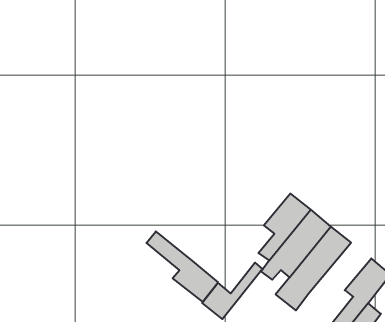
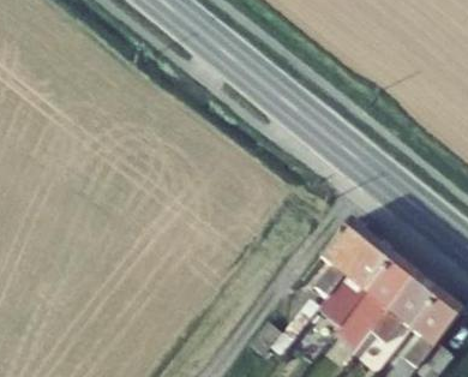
building: [146,231,218,302] -> none
building: none -> [370,275,440,343]

